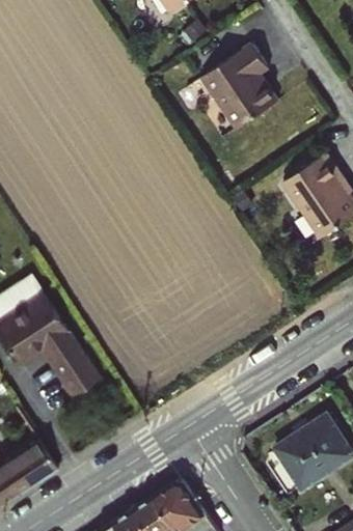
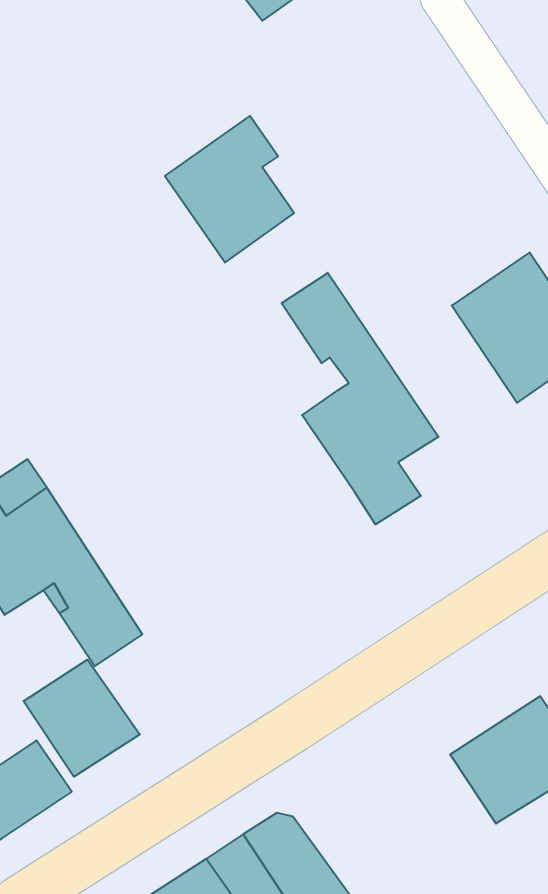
building: [199,43,275,129] -> [165,116,294,263]
building: none -> [282,273,439,524]
building: none -> [23,660,140,777]

